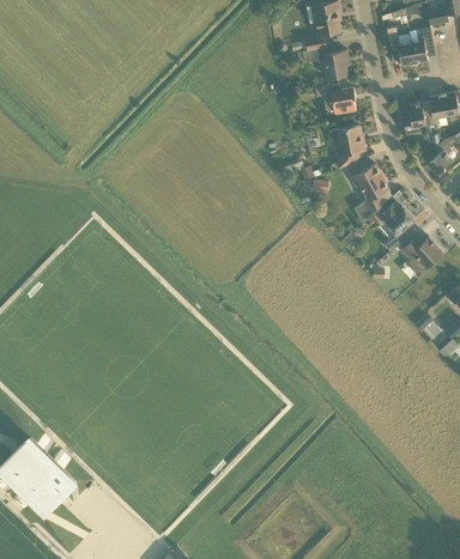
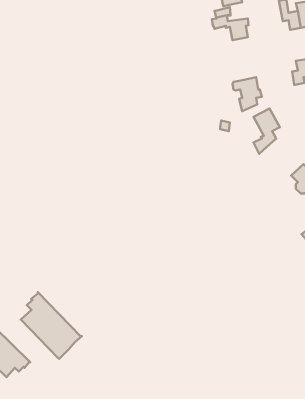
building: [315,83,356,114] -> none
building: [381,202,414,251] -> none
building: none -> [21,292,82,359]

